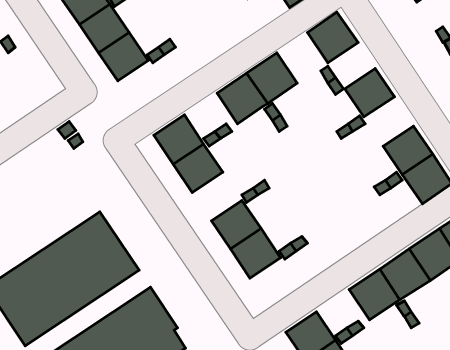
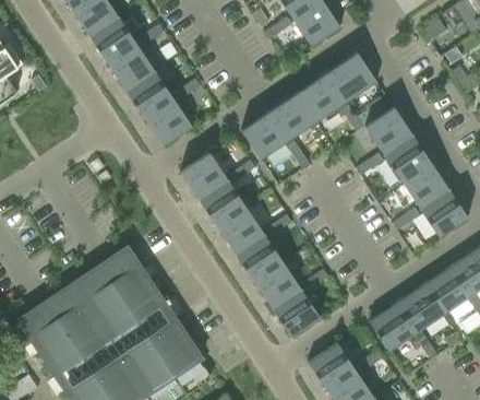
building: none -> [299,71,348,120]
building: none -> [145,98,193,146]
building: none -> [383,133,431,181]
building: none -> [217,207,265,254]
building: none -> [273,290,321,337]

